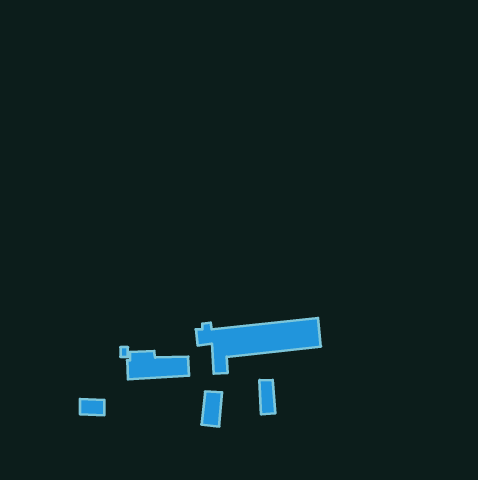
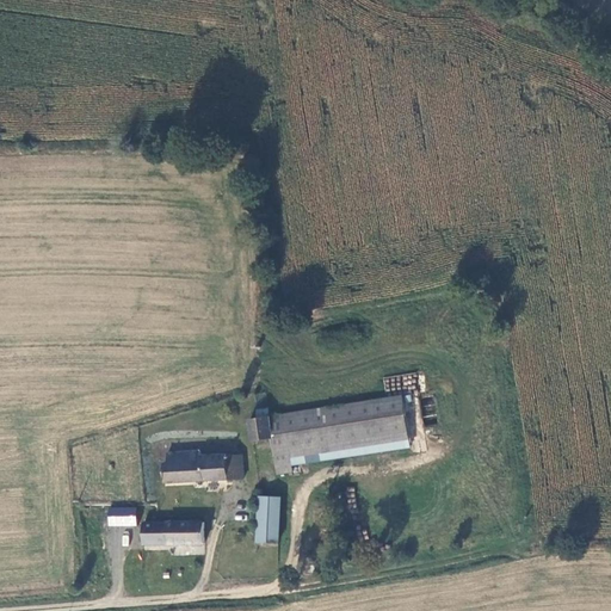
building: [260,380,275,414] -> none
building: none -> [143,520,204,544]

